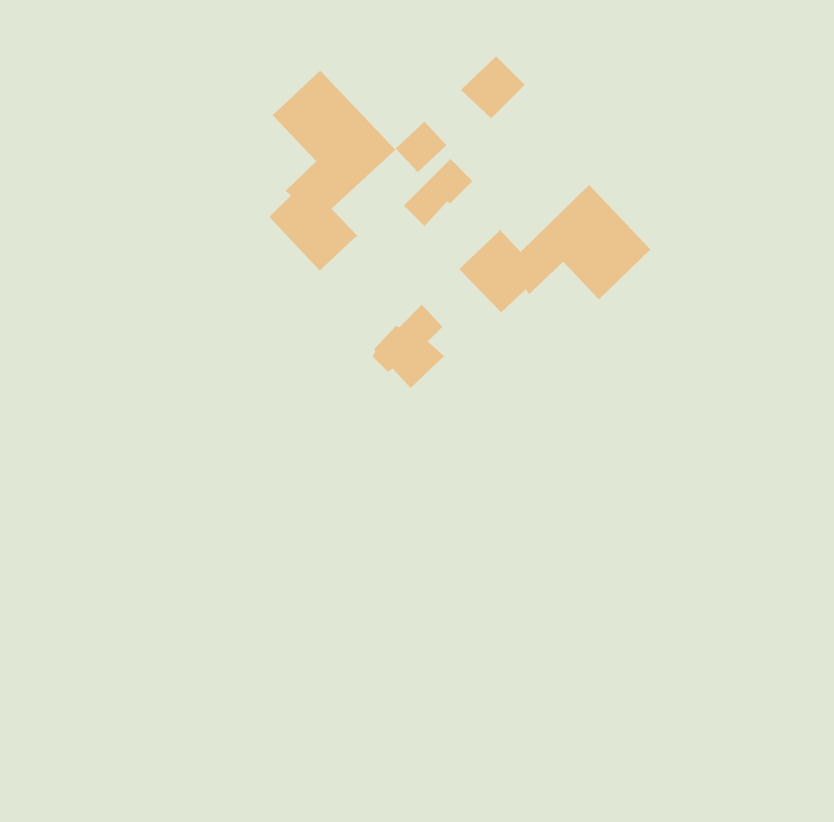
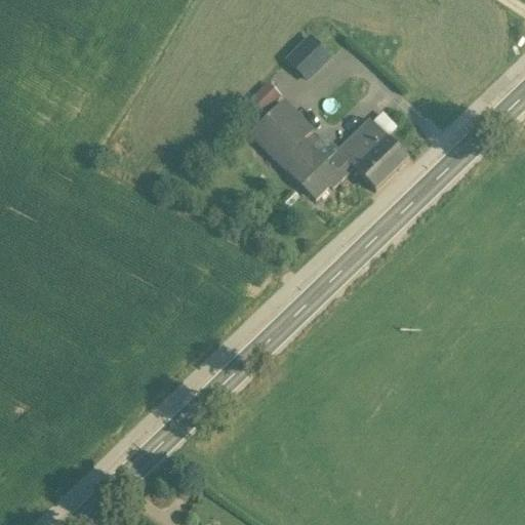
building: [268,70,396,271] -> none
building: [371,304,445,389] -> [266,114,312,167]

